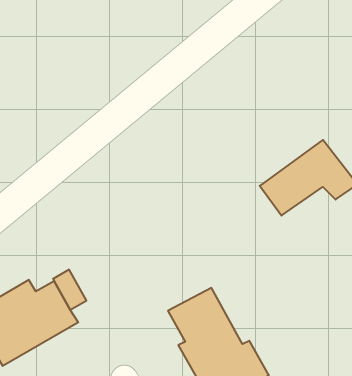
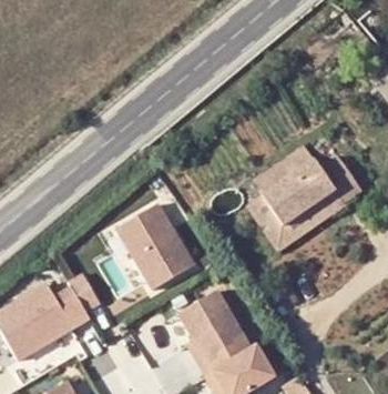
building: none -> [252,192,340,244]
building: none -> [120,206,192,286]

